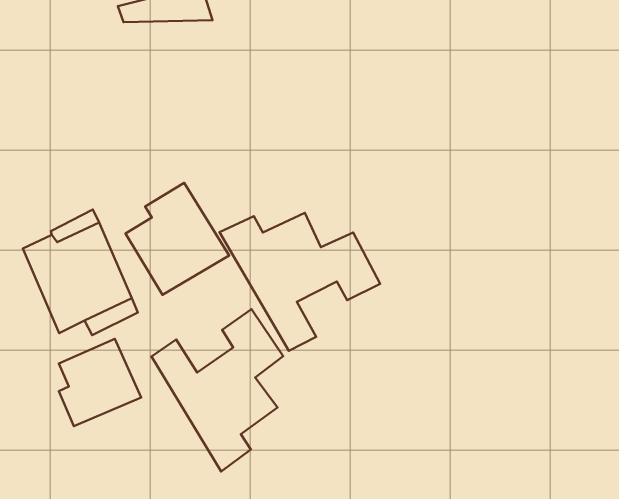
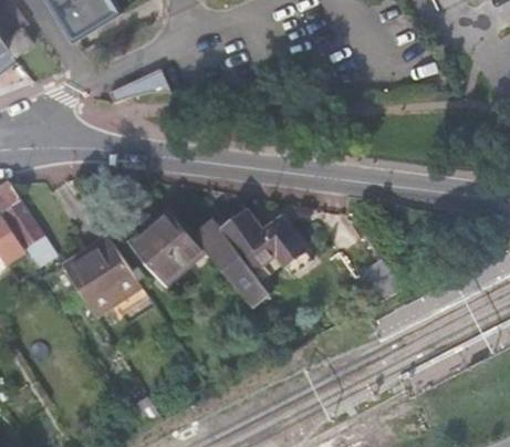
building: [151,309,283,472] -> none
building: [59,339,141,426] -> none

